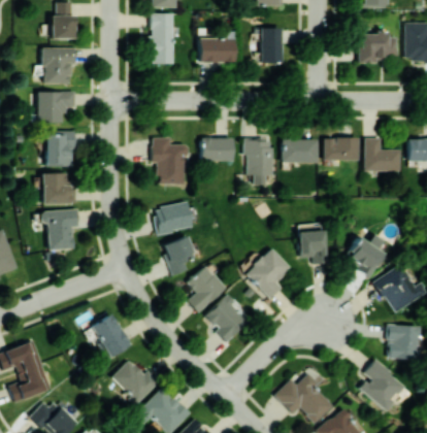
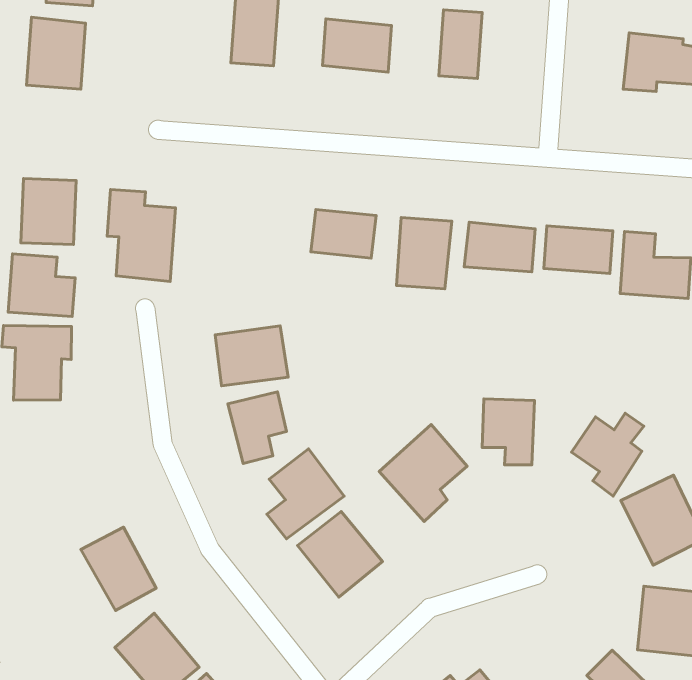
building: [38,92,74,123] -> none
building: [152,138,187,185] -> [107,189,176,282]

